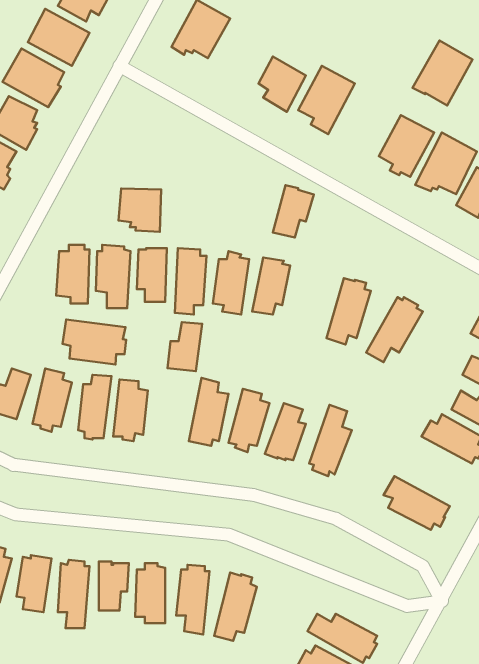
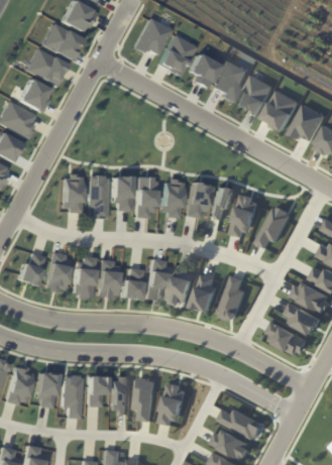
building: none -> [159,35,198,76]
building: [413,40,473,105] -> [239,75,278,116]
building: [273,185,314,237] -> [212,187,238,220]
building: [119,188,161,232] -> none
building: [62,319,126,365] -> none
building: [167,322,202,371] -> [122,267,144,299]
building: none -> [290,303,326,335]

